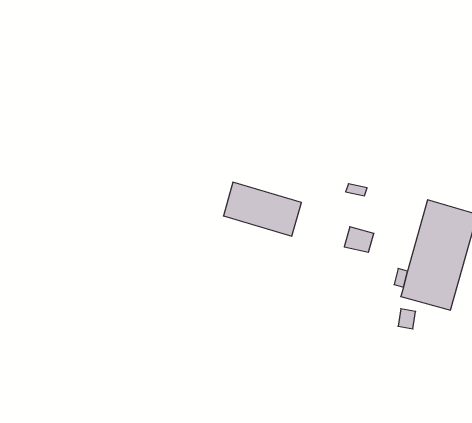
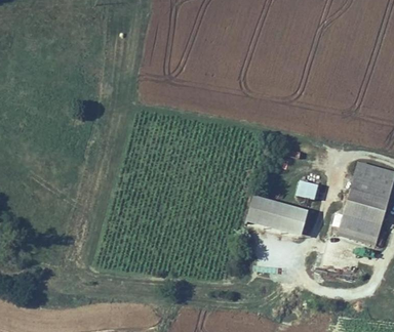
building: [223,182,301,236] -> [247,199,307,240]

